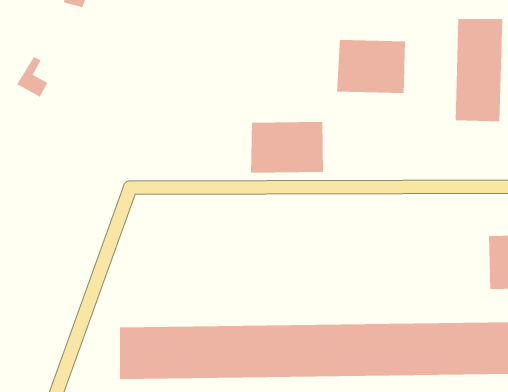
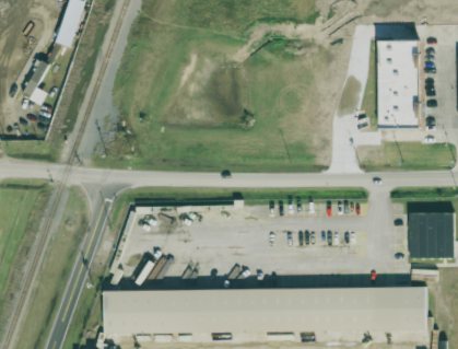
building: [336,39,405,94] -> none
building: [250,121,323,173] -> none

